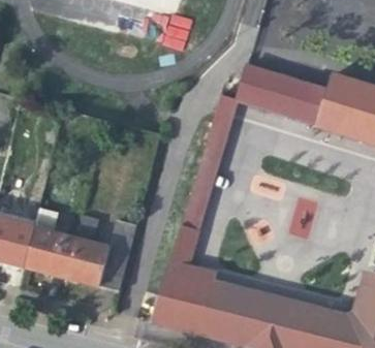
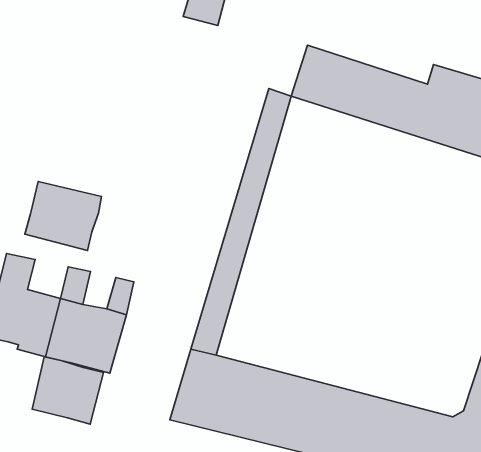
building: none -> [25,182,102,250]
building: none -> [32,357,103,424]

